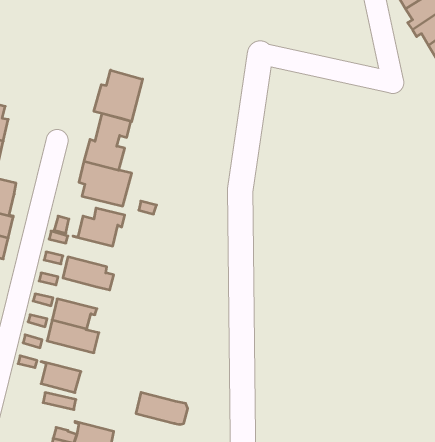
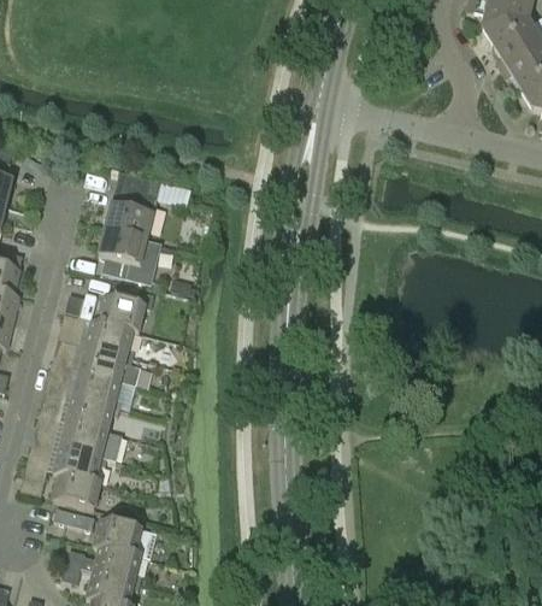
building: [94,70,143,122] -> none
building: none -> [84,320,139,358]
building: none -> [71,371,135,408]
building: none -> [52,447,116,484]
building: [136,392,188,424] -> [93,519,155,558]

